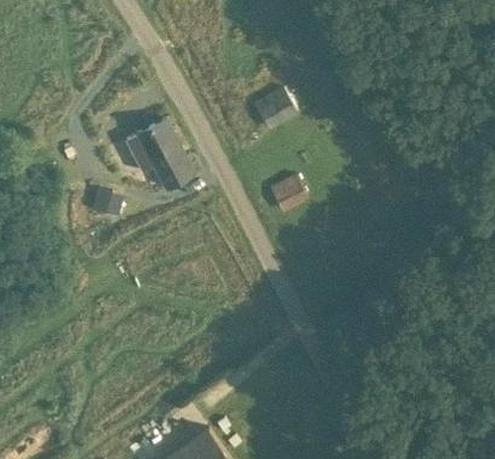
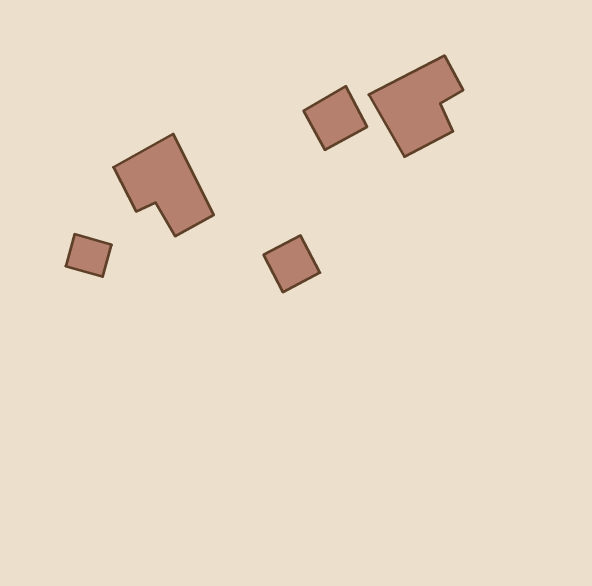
building: none -> [369,56,463,157]
building: [268,175,306,213] -> [264,236,320,292]

